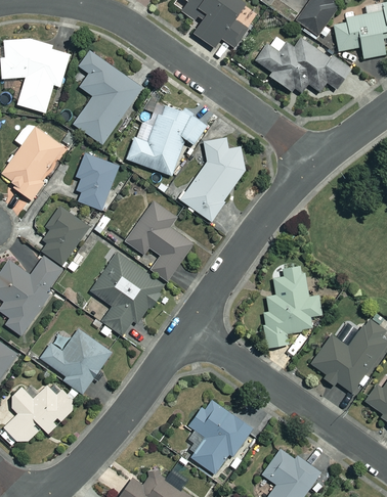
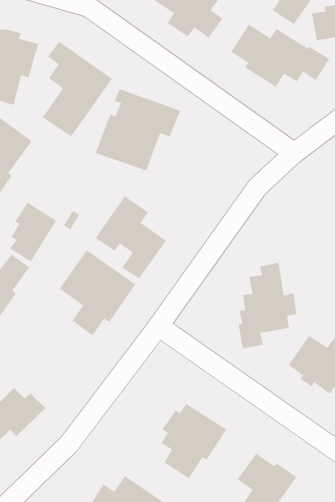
building: [180,138,245,221] -> none
building: [76,153,118,210] -> none
building: [40,329,111,394] -> none

